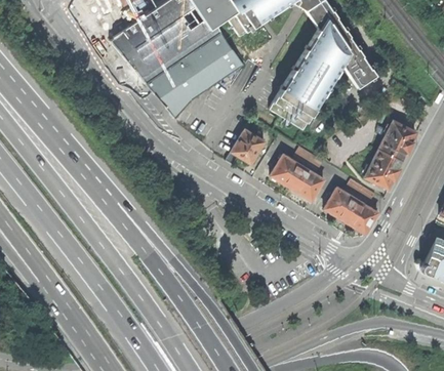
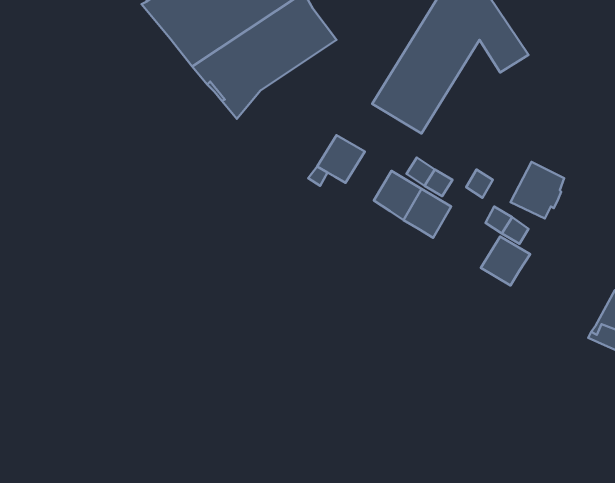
building: [379,121,417,160] -> none
building: [324,188,358,221] -> none

